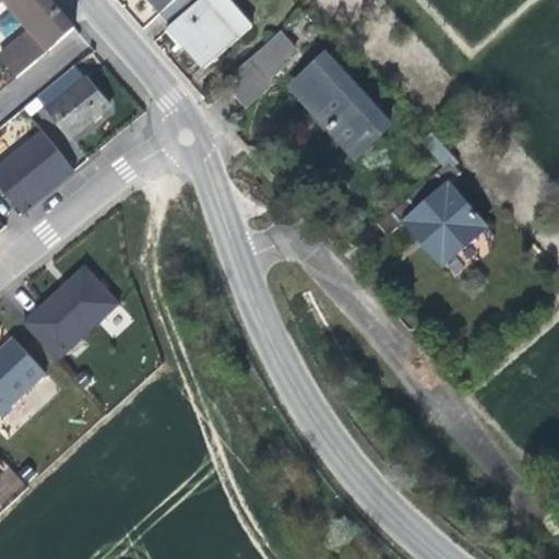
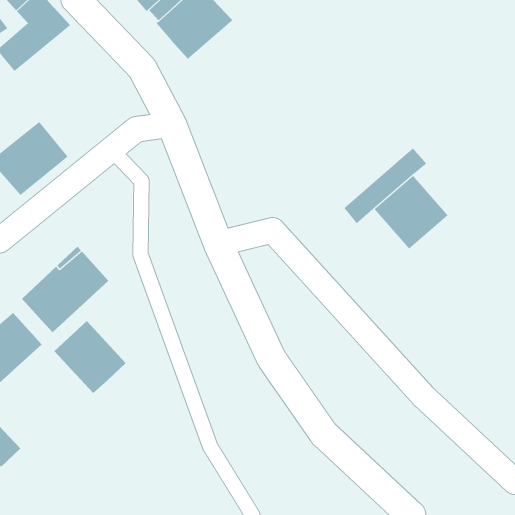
building: [219,29,300,103] -> none
building: [286,50,392,159] -> none
building: [36,64,109,138] -> none
building: none -> [53,320,126,394]

